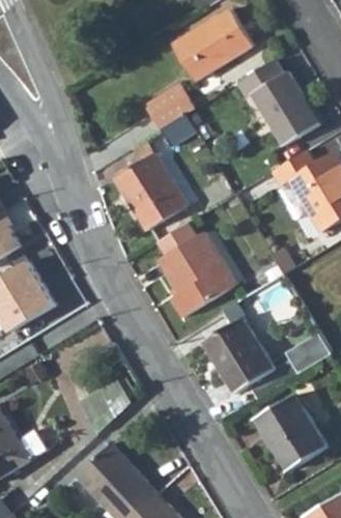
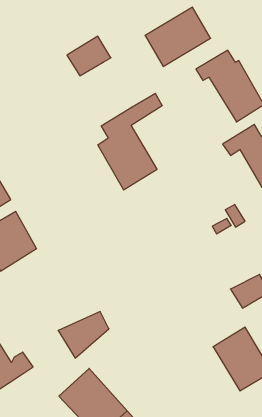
building: [146,83,199,131] -> [67,36,111,76]
building: [163,223,239,317] -> none
building: [205,318,277,395] -> none

